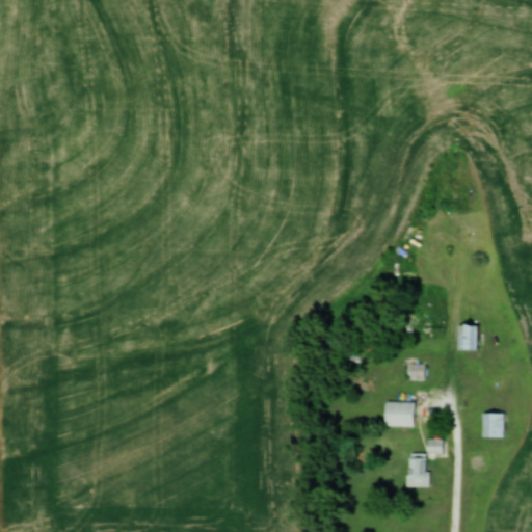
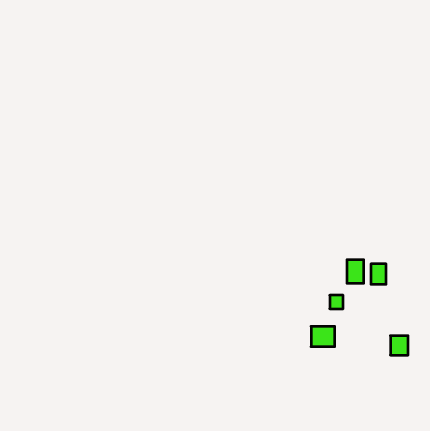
building: none -> [347,260,364,283]
building: [407,440,443,487] -> none

